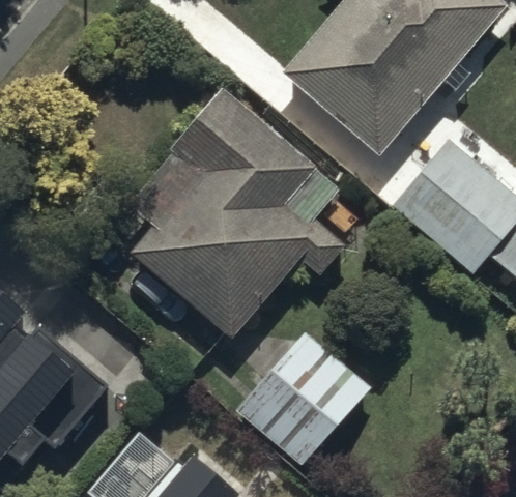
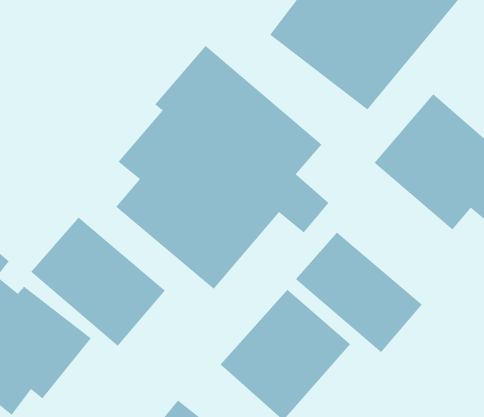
building: none -> [30,216,166,347]
building: none -> [295,232,423,353]

